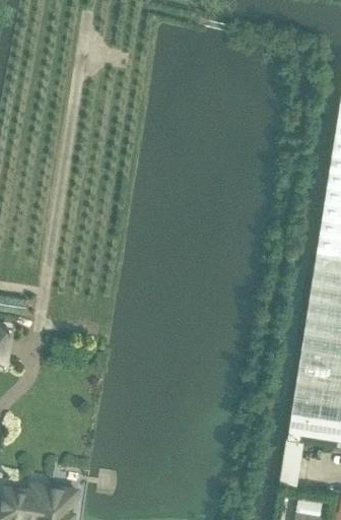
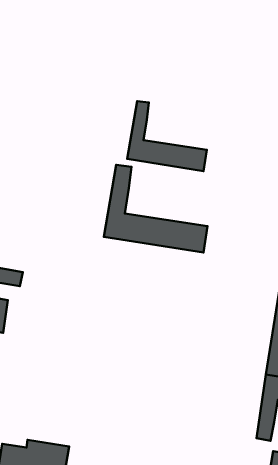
building: none -> [127,101,207,171]
building: none -> [104,165,208,253]

